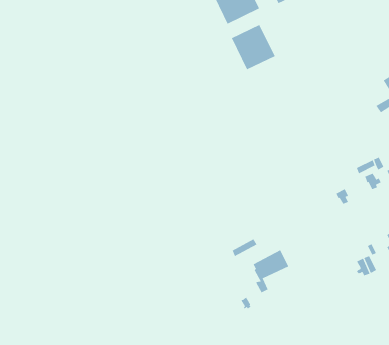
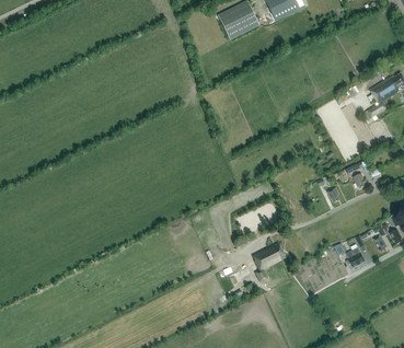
building: [231,24,275,70] -> none

